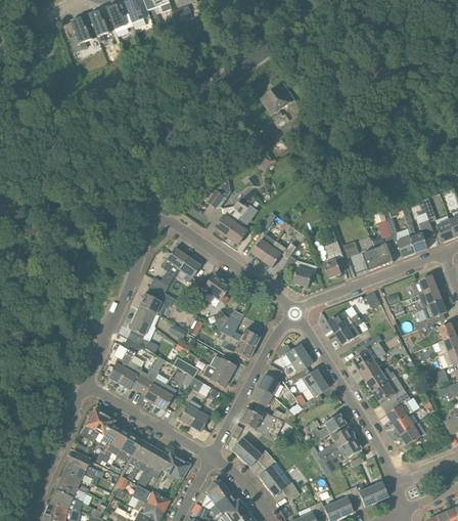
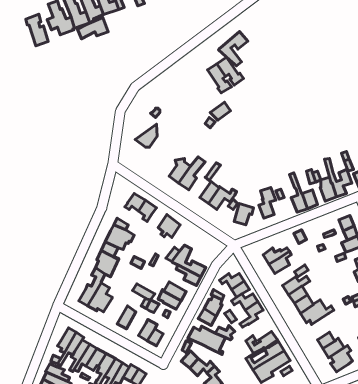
building: none -> [26,14,48,46]
building: none -> [78,18,108,39]
building: none -> [219,32,248,66]
building: [203,179,230,207] -> [135,124,157,147]
building: [137,355,166,404] -> none
building: [386,392,413,424] -> [330,346,353,372]

